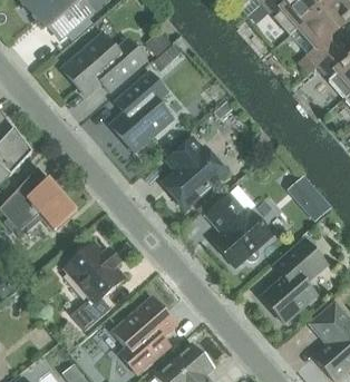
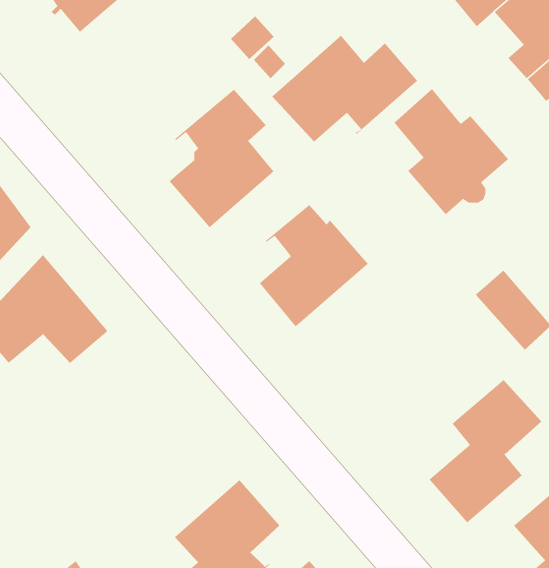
building: [61,33,146,96] -> [272,35,418,143]
building: [205,194,272,267] -> [394,88,509,215]
building: [64,242,125,331] -> none

